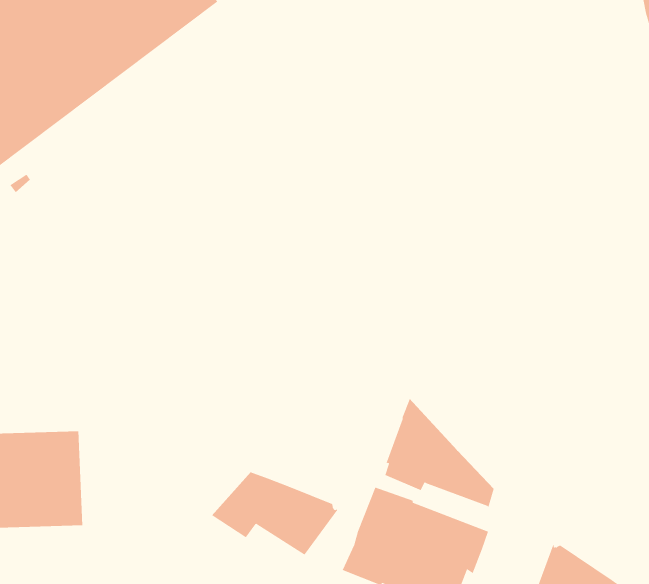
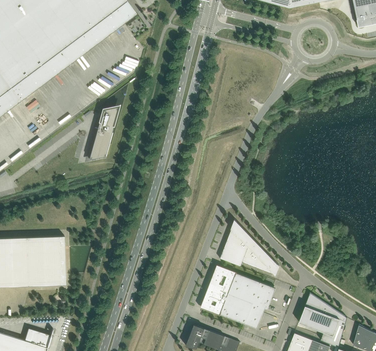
building: none -> [90,105,121,159]
building: [211,471,338,555] -> none

